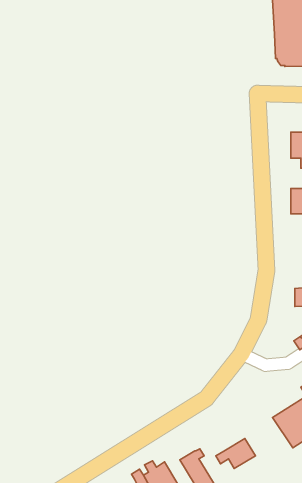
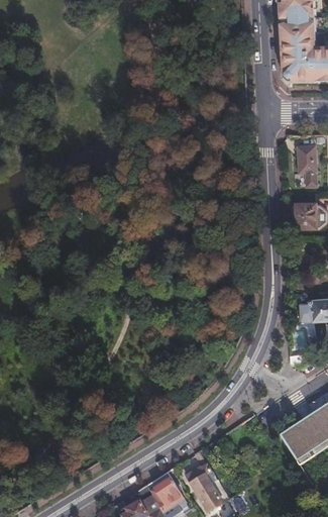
building: [216,438,255,469] -> none

